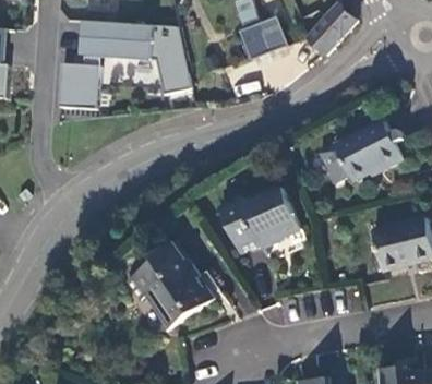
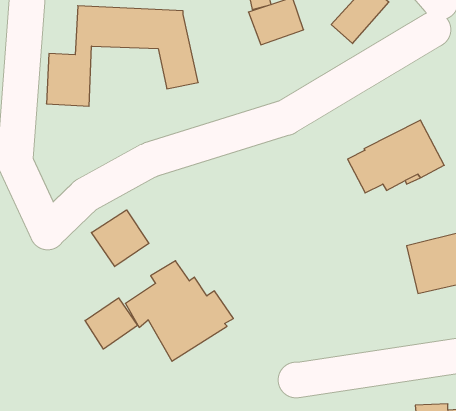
building: [219,188,299,251] -> none
building: none -> [91,210,149,267]
building: none -> [85,298,137,349]

